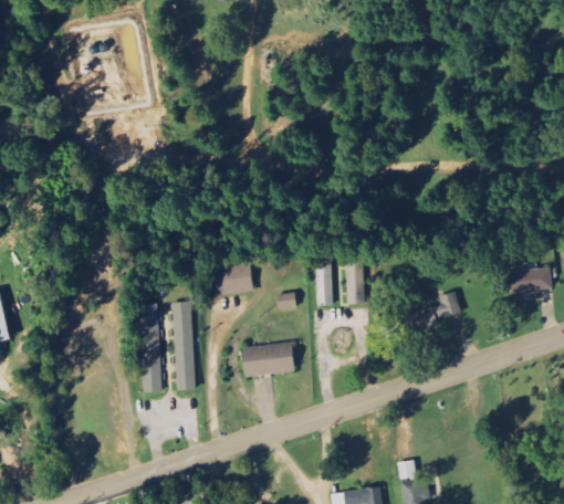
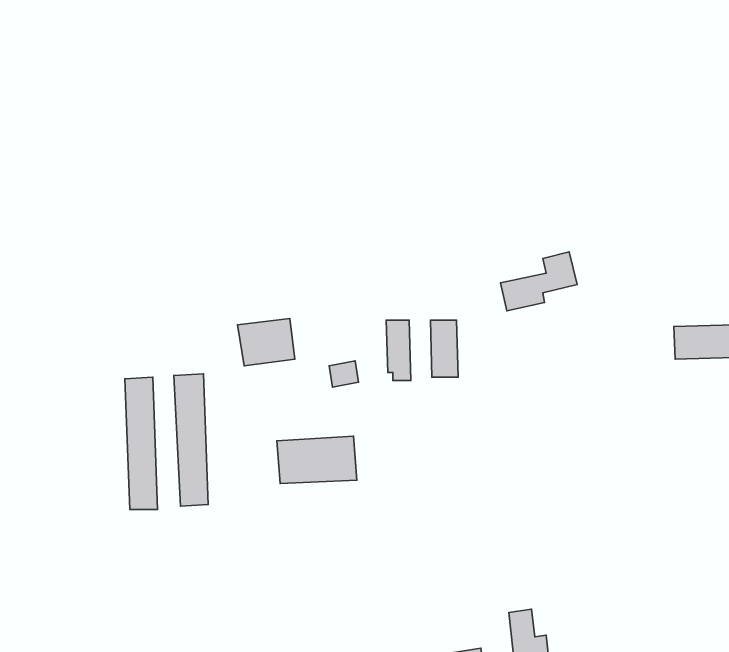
building: [408,291,460,330] -> [500,252,577,311]

